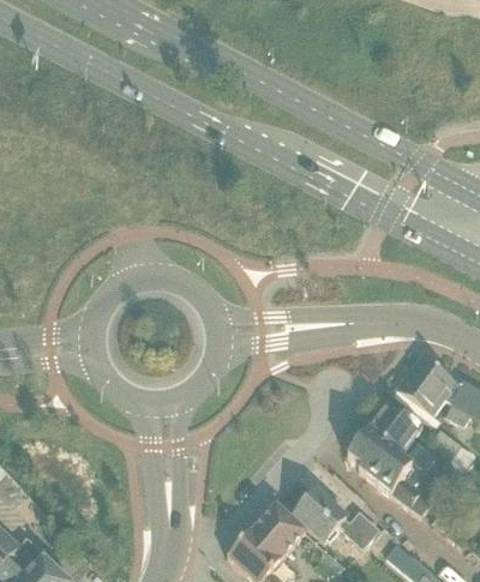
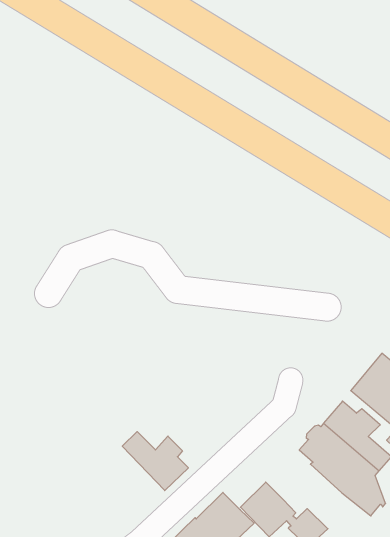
building: none -> [122,432,188,491]

